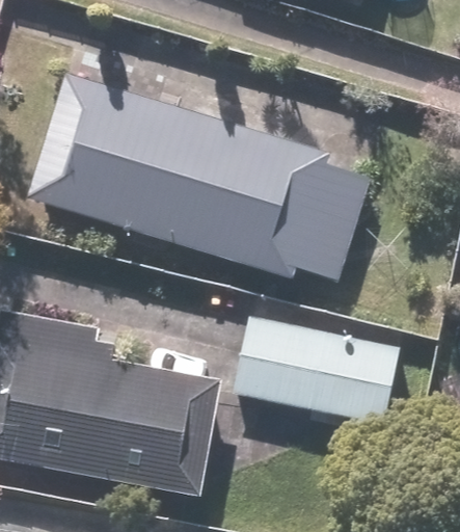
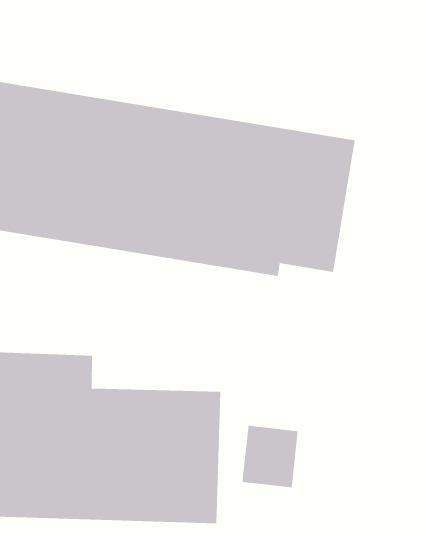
building: [231,318,397,424] -> none

